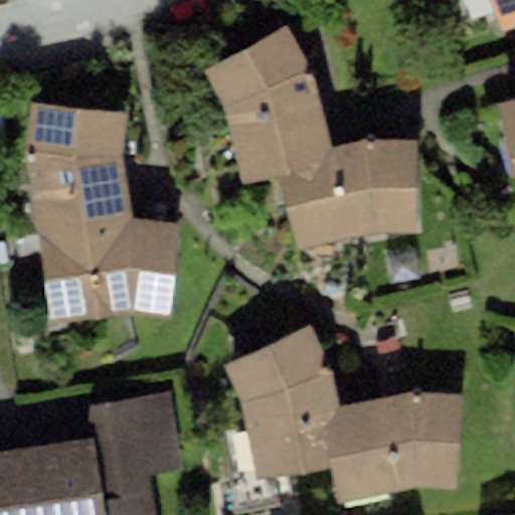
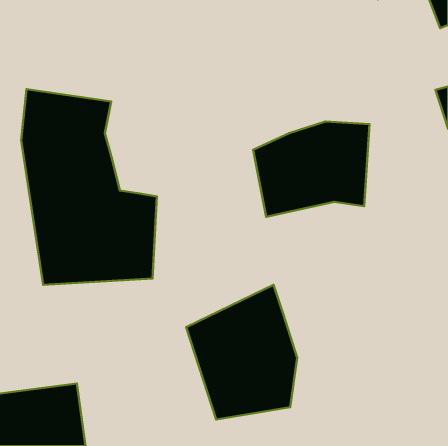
building: [206,26,330,179] -> none
building: [331,391,461,501] -> none
building: [90,397,184,486] -> none

